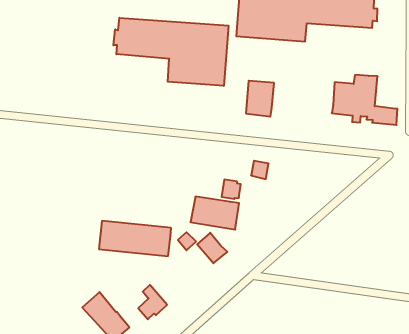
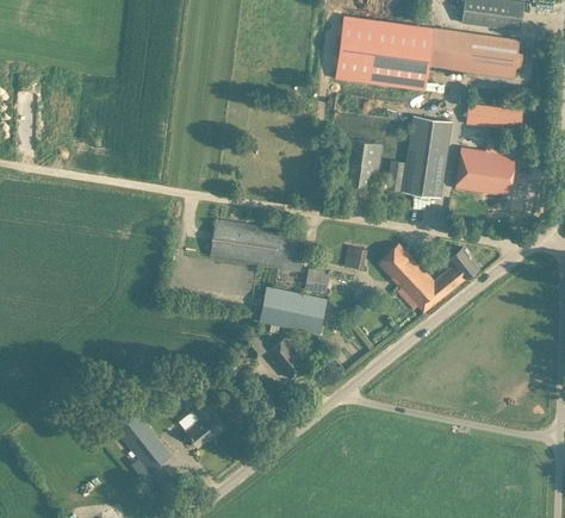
building: [113,18,228,86] -> none
building: none -> [465,104,522,130]
building: none -> [386,114,452,196]
building: none -> [377,242,478,311]
building: [99,221,171,256] -> [209,219,305,270]

